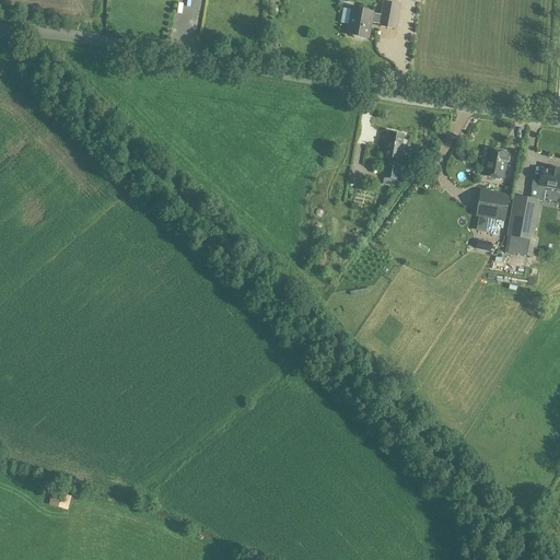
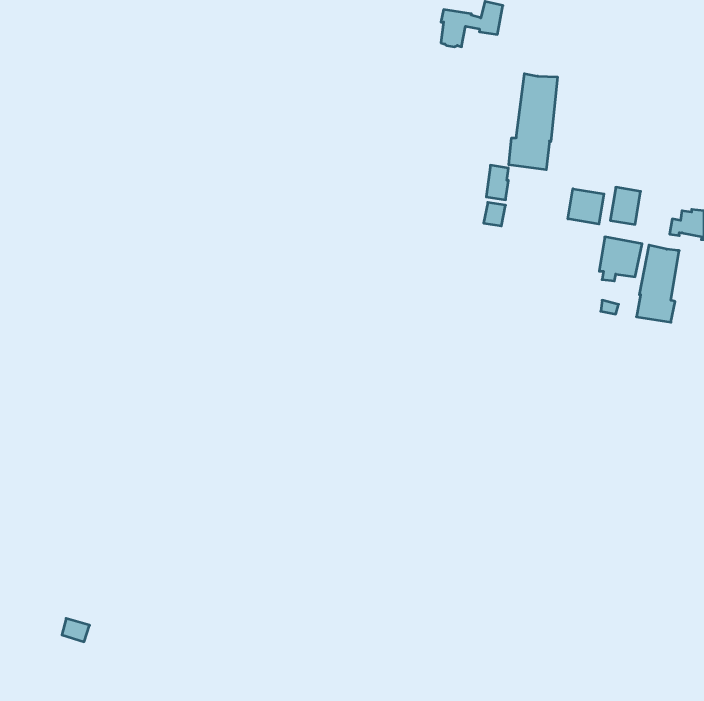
building: none -> [509,74,557,170]
building: none -> [568,189,604,224]

